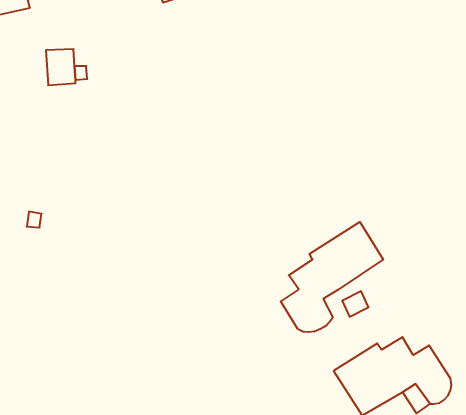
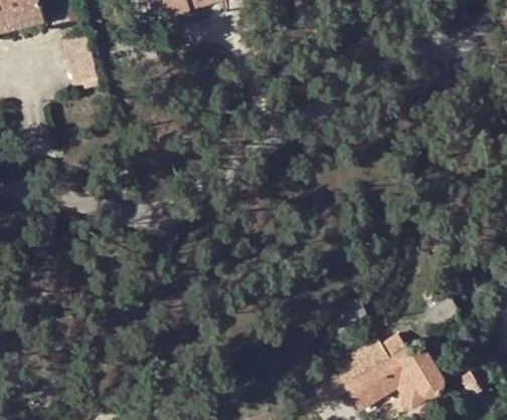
building: [281,222,383,332] -> none

